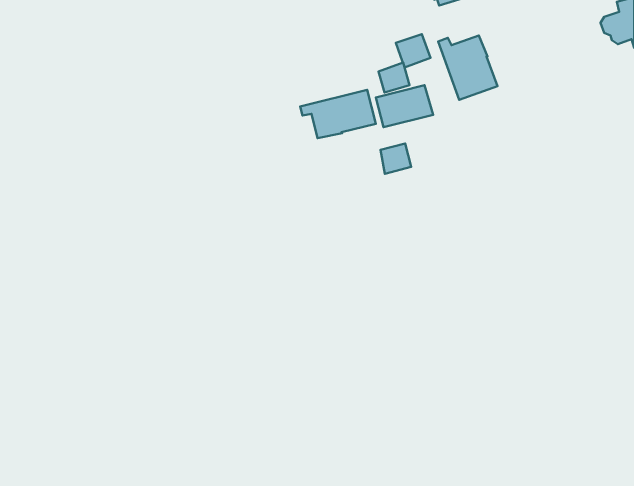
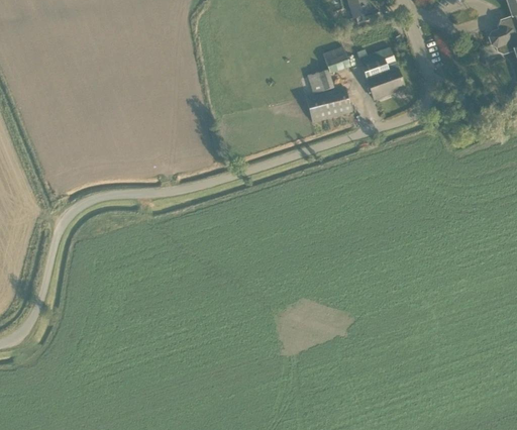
building: [300,90,376,138] -> none
building: [380,144,411,174] -> none

